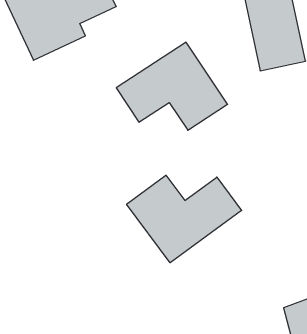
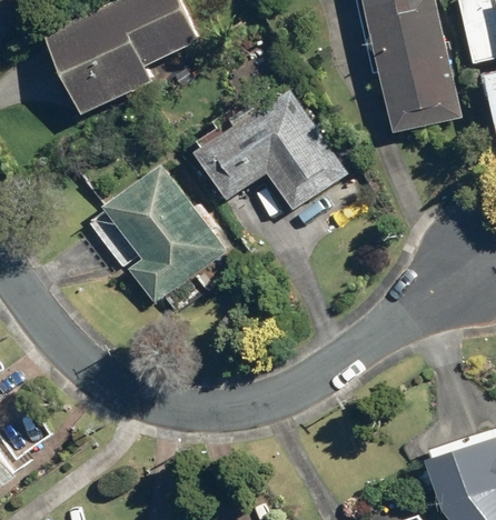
building: none -> [88,162,225,303]
building: [127,175,242,263] -> none

